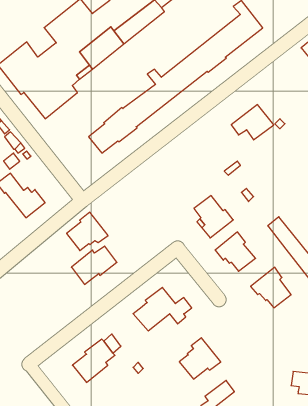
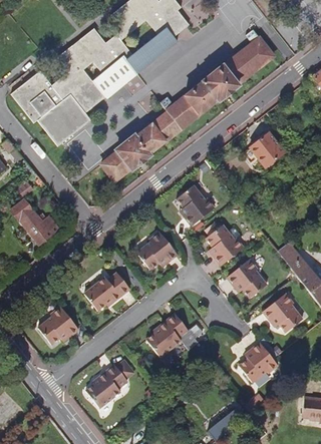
building: none -> [177,184,214,225]
building: [67,212,108,251] -> [136,231,178,269]
building: none -> [37,306,78,343]
building: [179,338,221,379] -> [238,342,279,383]

